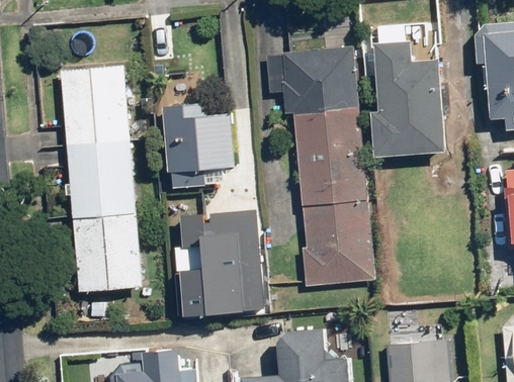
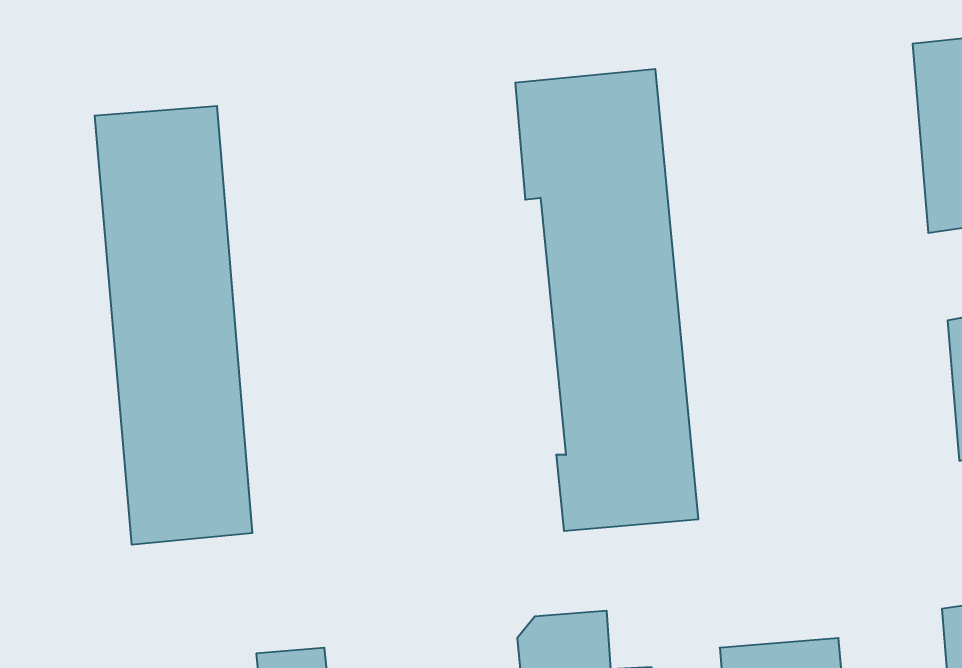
building: [371,40,447,157] -> none
building: [163,103,236,189] -> none
building: [182,210,267,312] -> none

